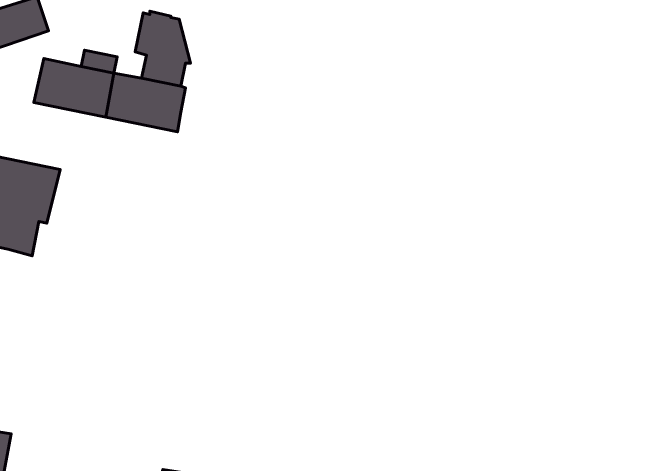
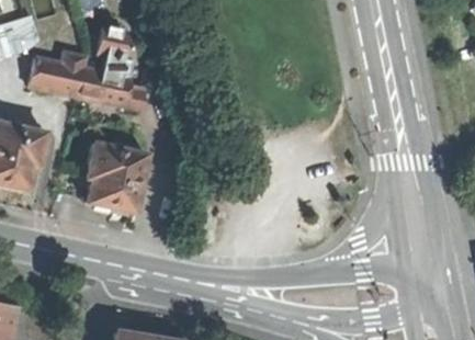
building: none -> [87,143,148,215]

